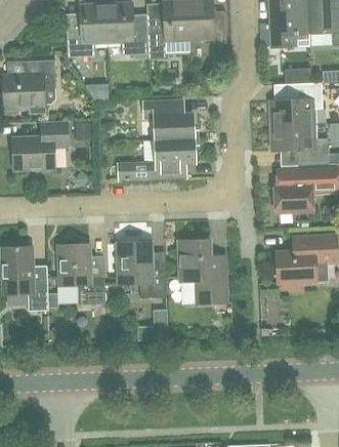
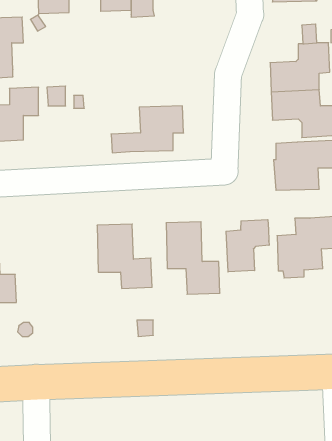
building: [144,99,194,138] -> none
building: none -> [226,220,269,272]
building: [58,243,105,303] -> none

